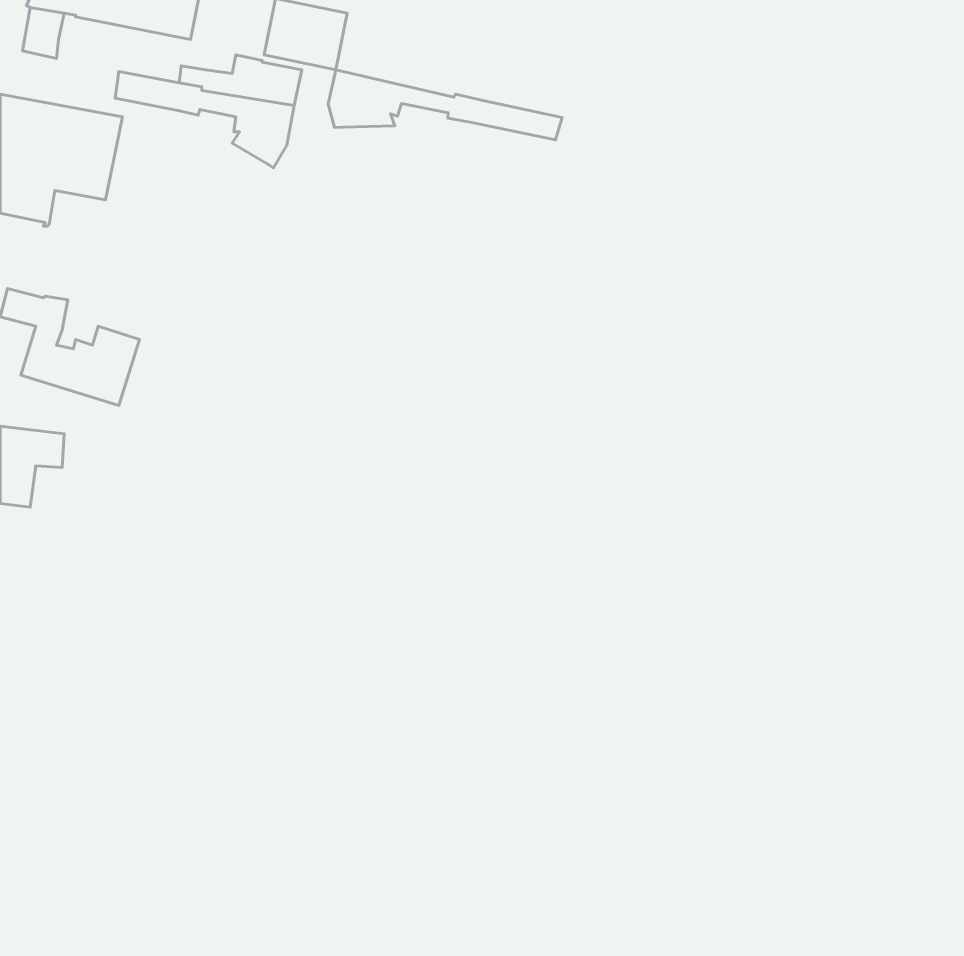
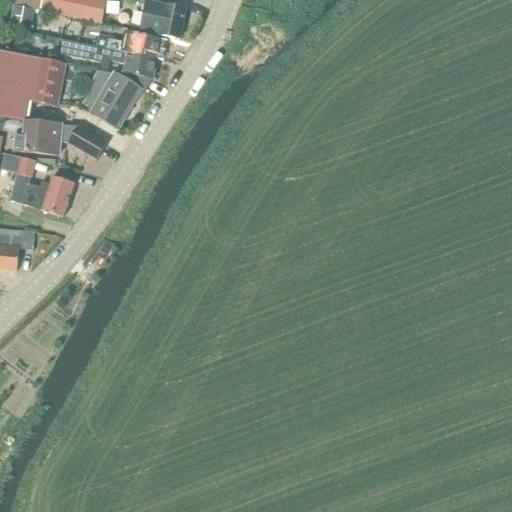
building: [328,70,562,140] -> none
building: none -> [91,72,142,127]
building: none -> [13,119,107,158]

